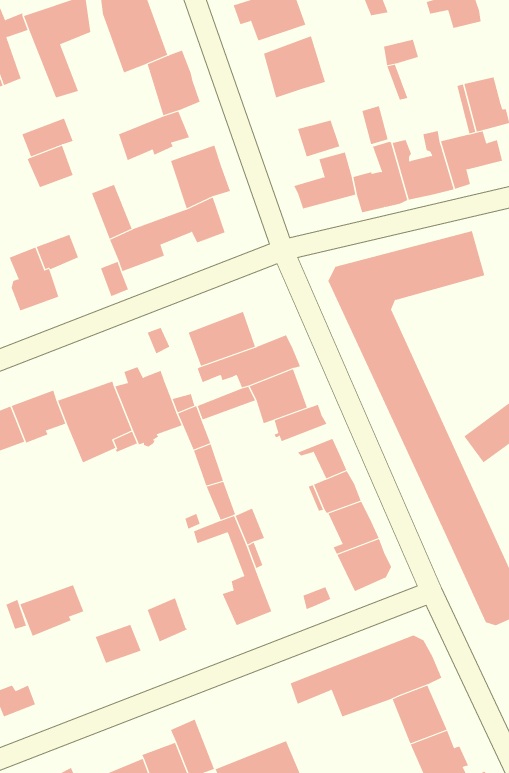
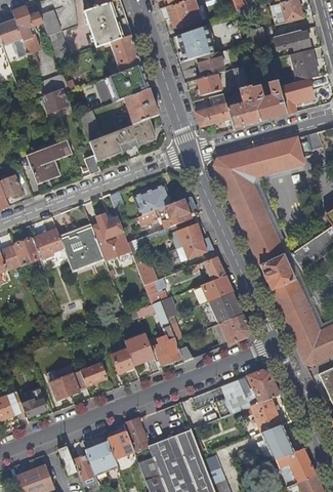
building: none -> [272,29,308,49]
building: none -> [199,50,225,77]
building: none -> [124,333,154,365]
building: [20,585,84,637] -> [49,370,86,400]

